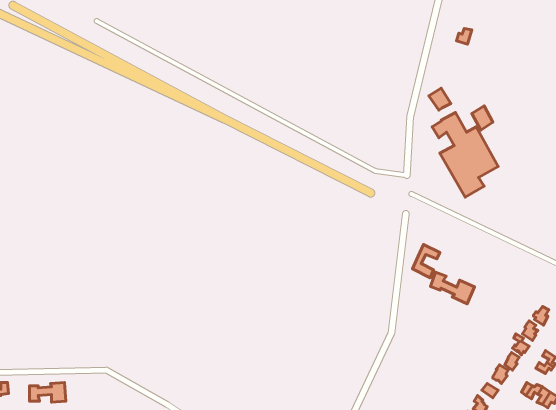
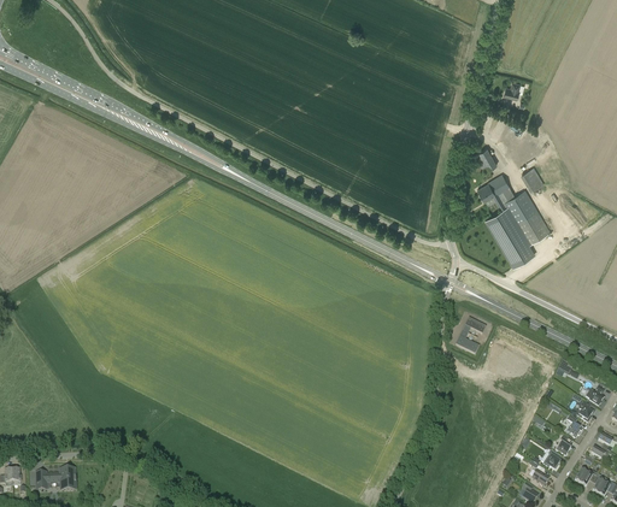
building: [431,272,474,304] -> none

